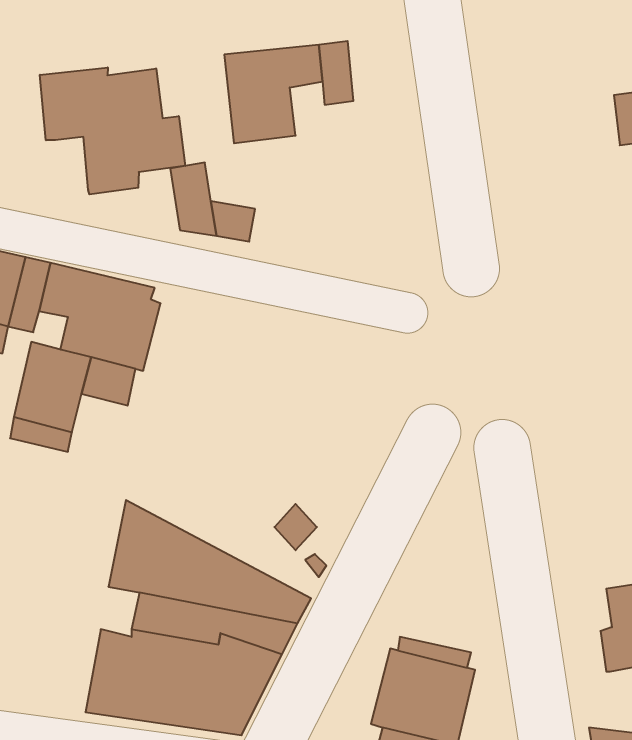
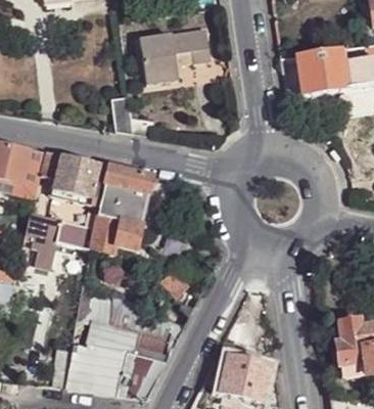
building: [40,67,185,194] -> none
building: none -> [295,47,346,93]
building: none -> [91,165,153,253]

